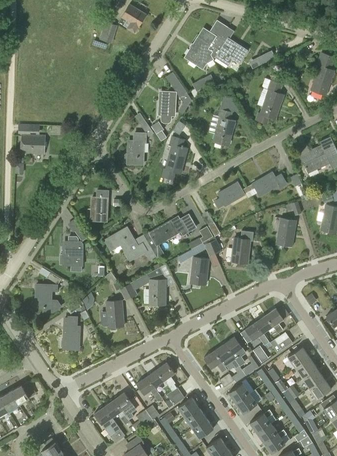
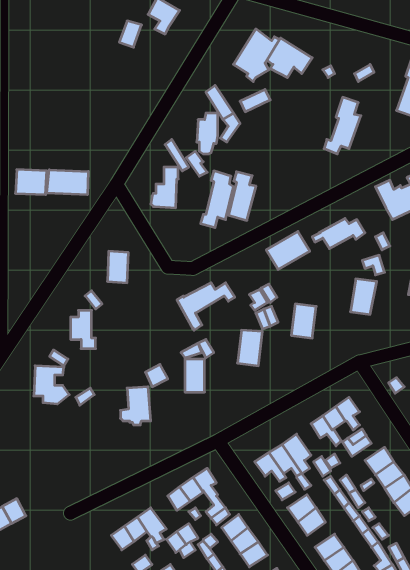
building: [214,109,235,146] -> [229,172,256,220]
building: none -> [47,170,88,195]
building: [104,226,156,260] -> none
building: [61,318,80,349] -> none

